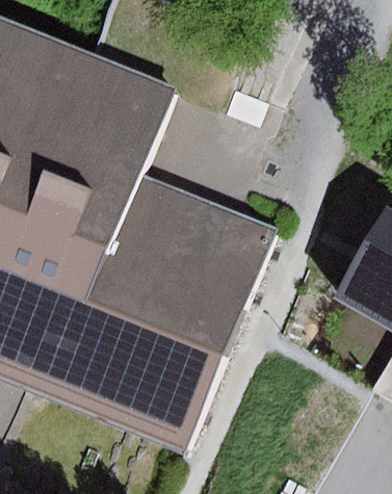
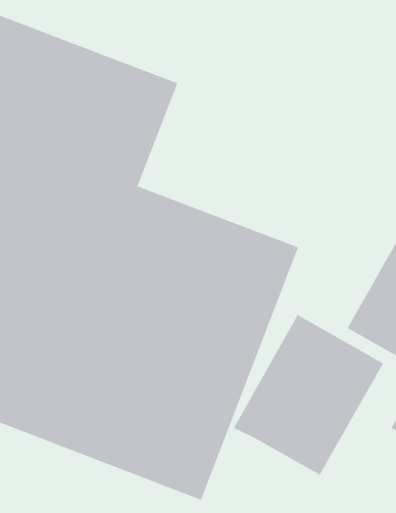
building: none -> [233,314,384,476]

